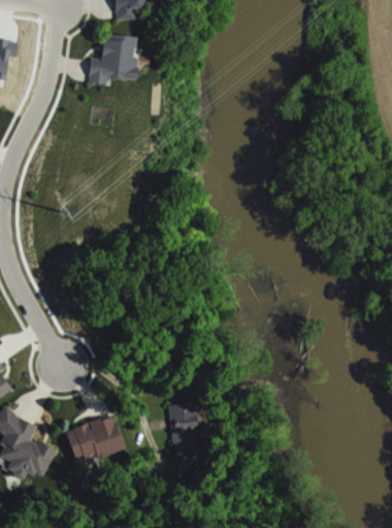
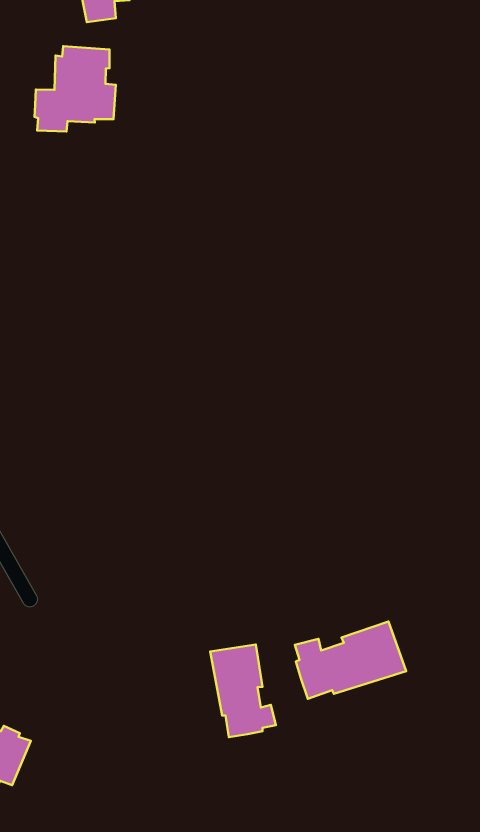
building: none -> [295,621,406,699]
building: [64,416,124,460] -> none

